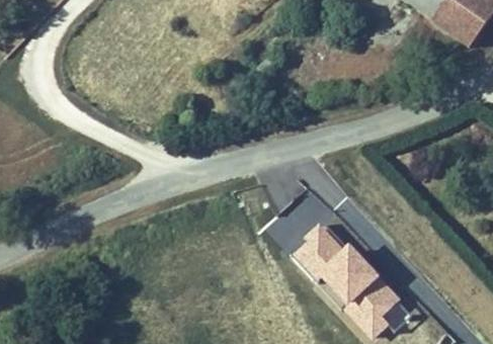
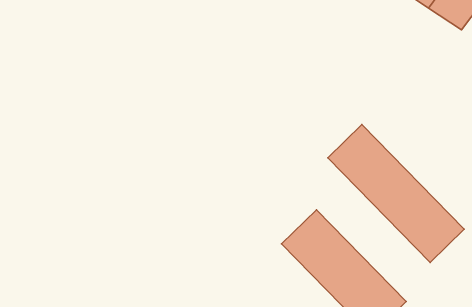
building: none -> [328,124,464,263]

